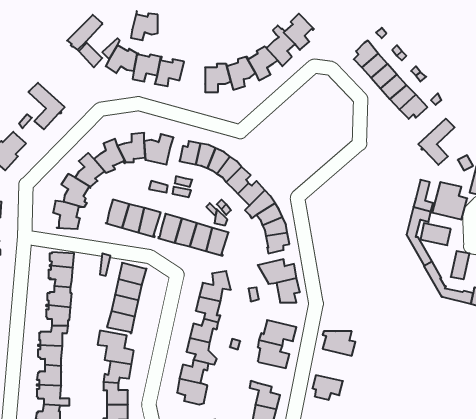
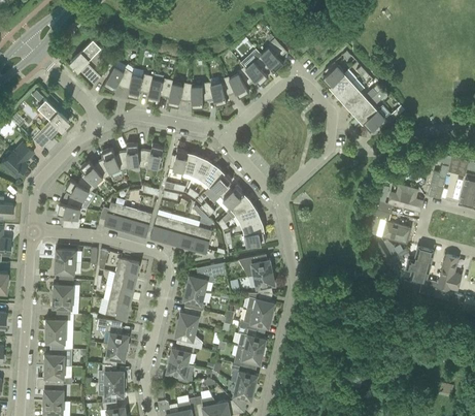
building: [131,11,158,40] -> [168,81,192,106]
building: [418,119,455,165] -> none
building: [323,331,355,356] -> [246,293,275,315]
building: [312,375,343,400] -> [236,346,263,367]

